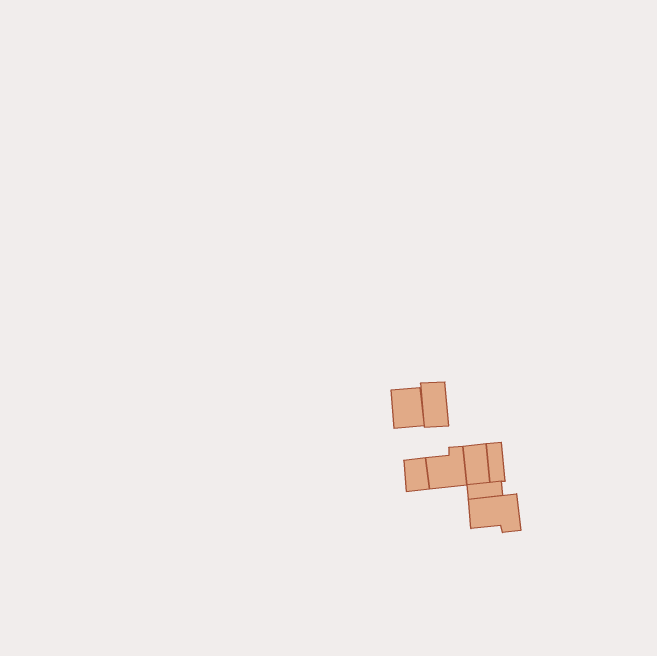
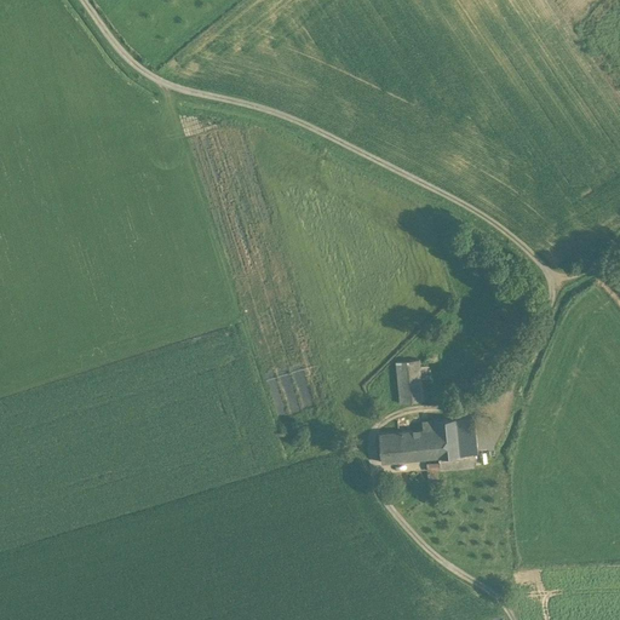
building: [391,388,424,428] -> none
building: [468,494,521,533] -> none

